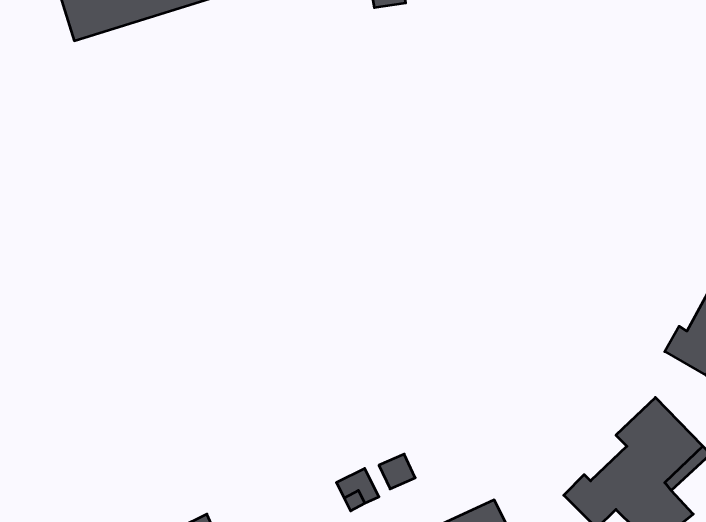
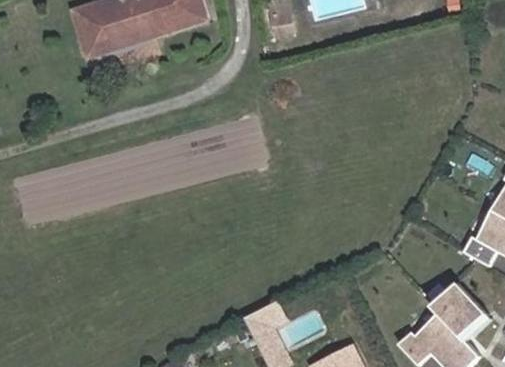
building: none -> [245,301,286,336]

